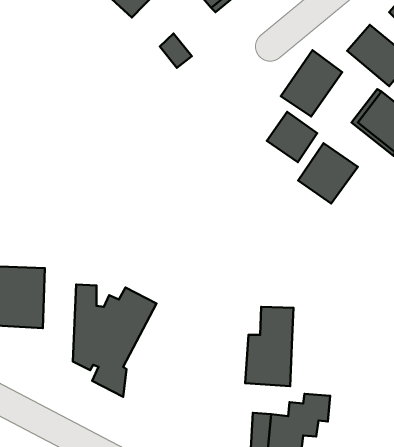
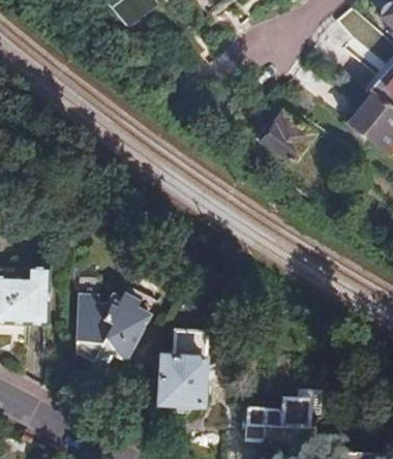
building: [281,50,342,117] -> none
building: [298,143,358,203] -> none
building: [245,307,293,386] -> [160,329,207,405]

